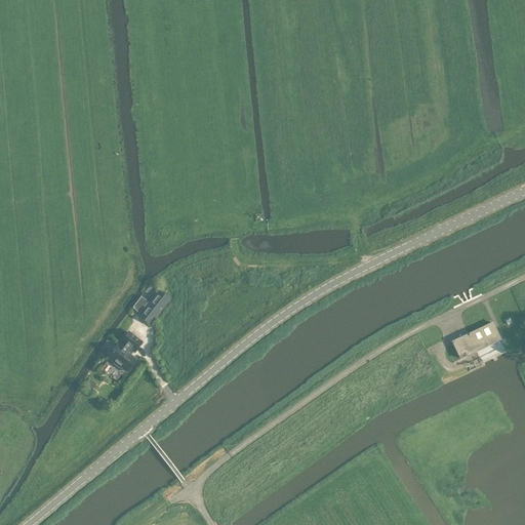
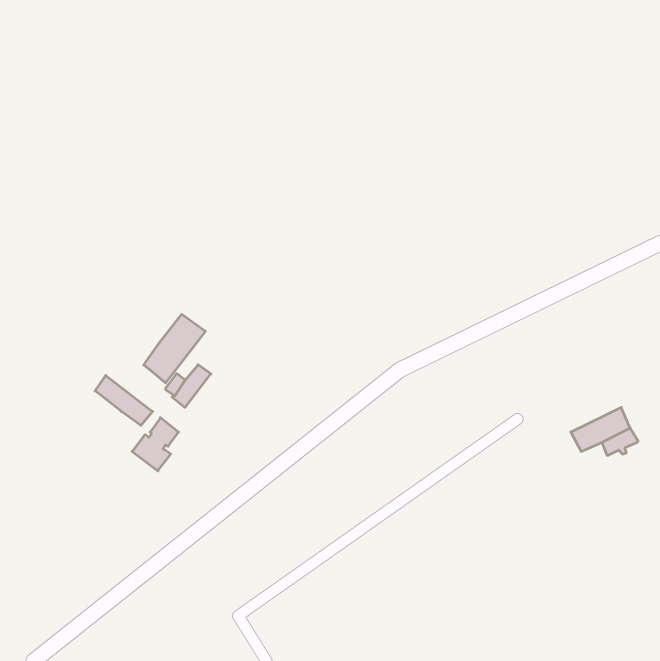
building: none -> [144,314,205,383]
building: none -> [95,375,153,425]

